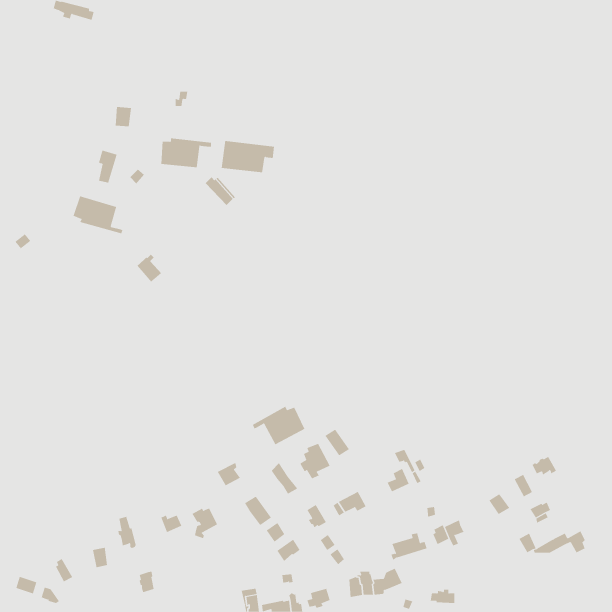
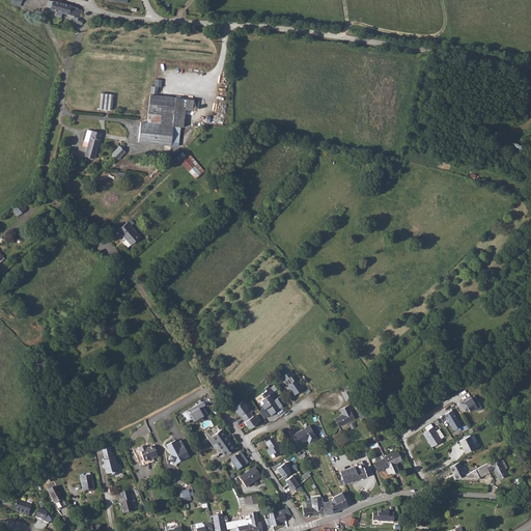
building: [221,141,275,173] -> [147,95,194,123]
building: [73,196,123,234] -> none
building: [252,406,305,445] -> none

